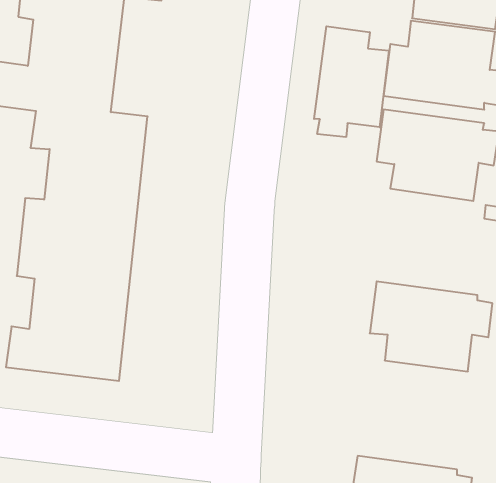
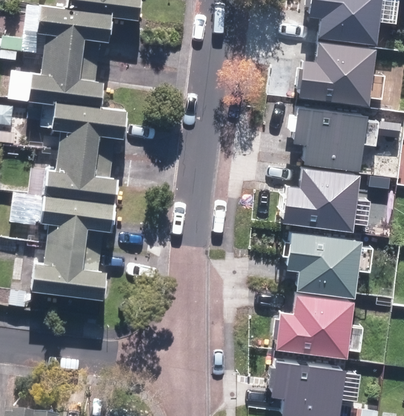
building: [314,26,389,137] -> none
building: none -> [280,167,369,232]
building: none -> [274,294,364,358]

